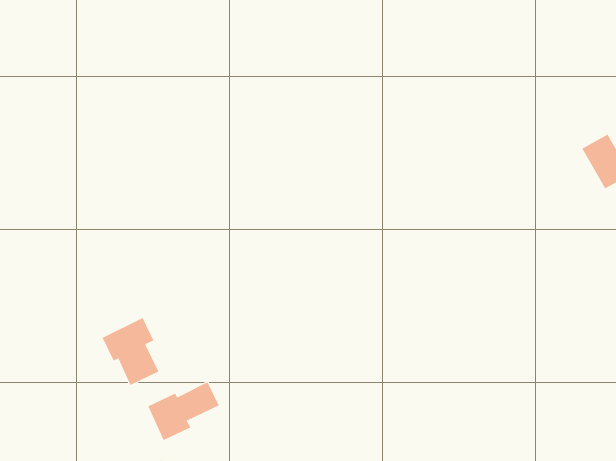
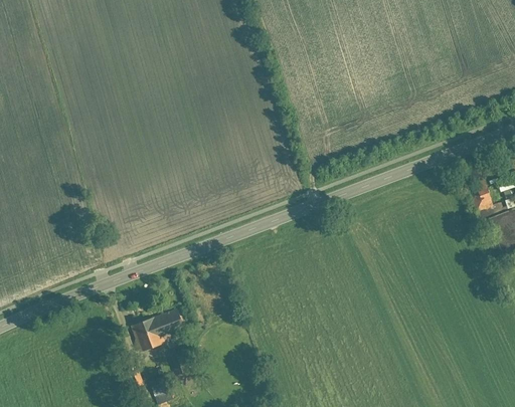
building: [102,317,159,386] -> none

